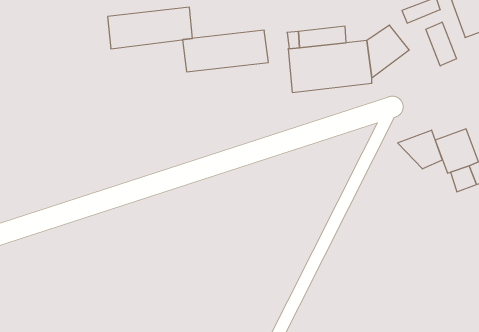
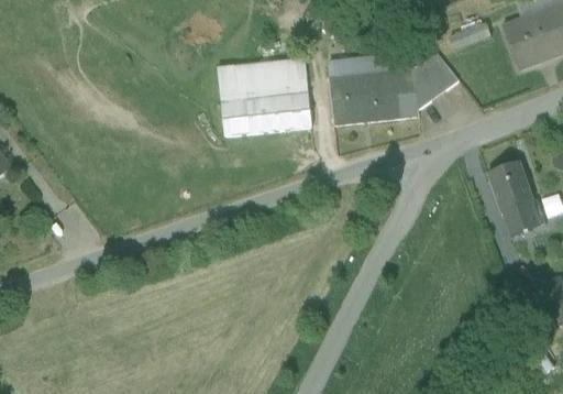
building: [108,7,192,49] -> [222,92,312,136]
building: [426,22,457,66] -> none
building: [398,130,442,169] -> none

